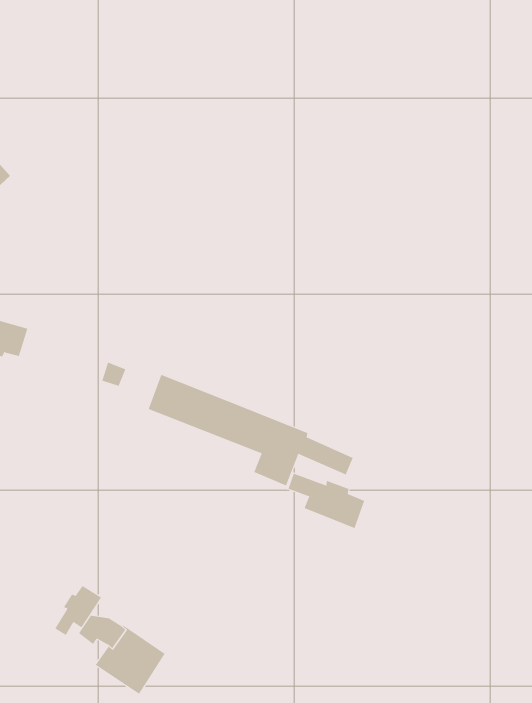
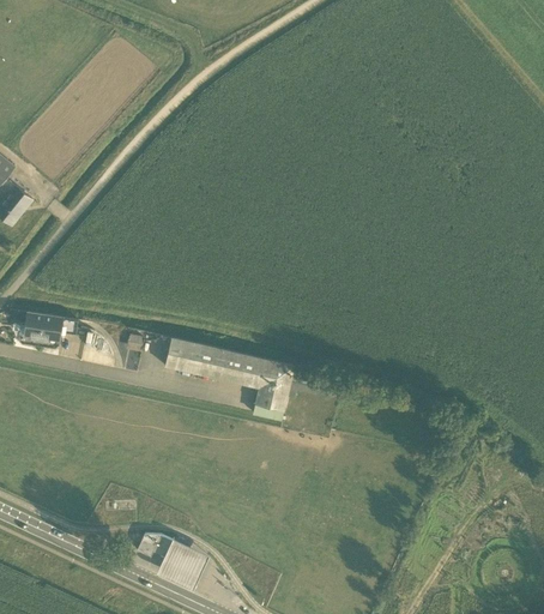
building: [288,473,365,529] -> none
building: [54,585,102,636] -> none

